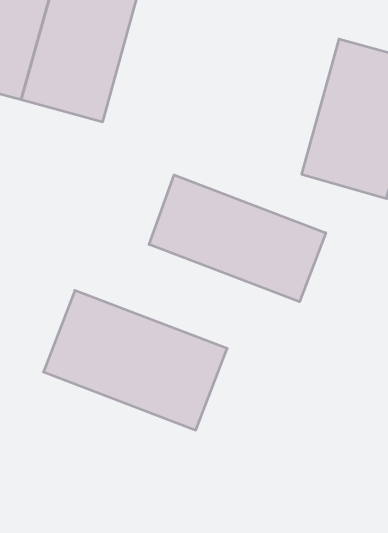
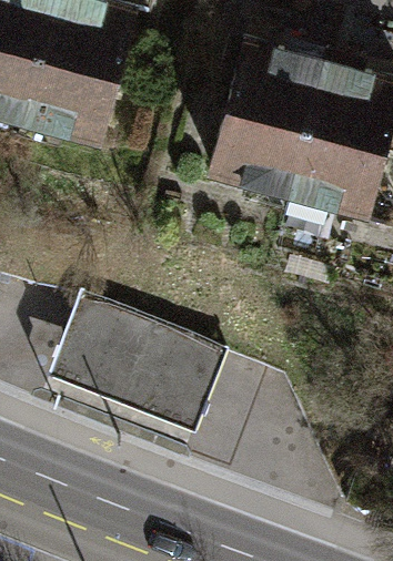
building: none -> [209,41,325,192]
building: [149,175,326,302] -> none

